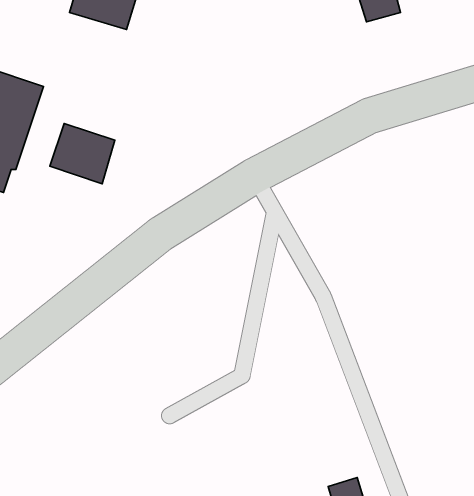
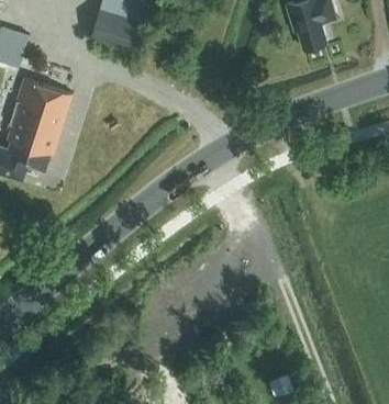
building: [50,123,115,184] -> none

